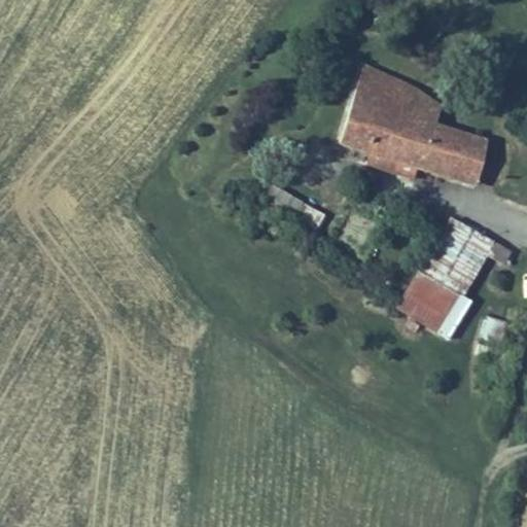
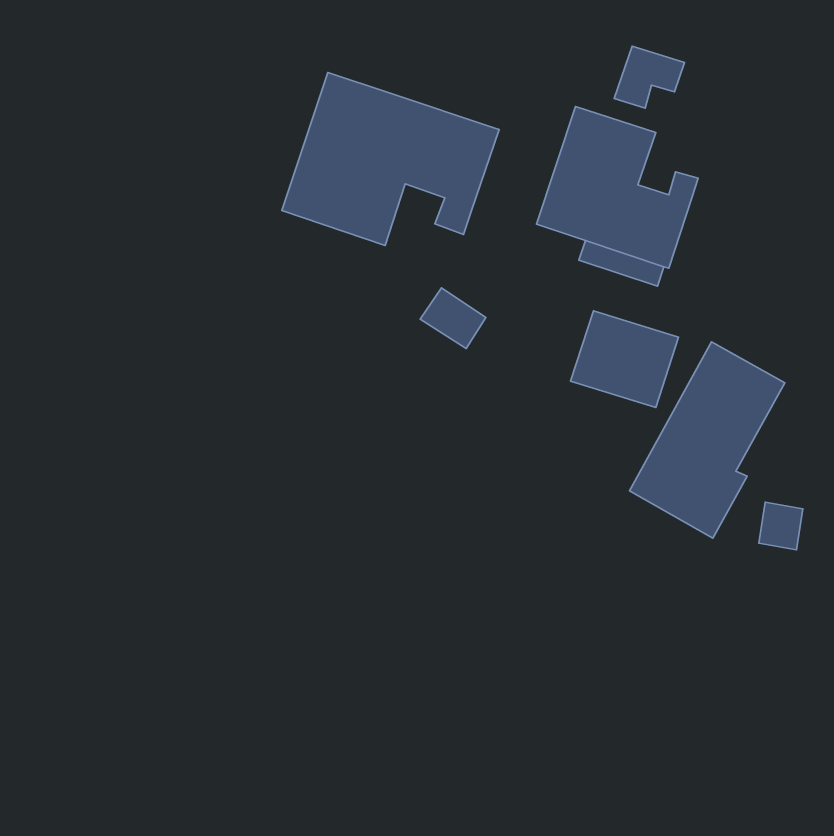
building: none -> [282,72,499,246]
building: [402,83,447,122] -> [614,46,684,108]
building: [422,125,490,185] -> [571,311,679,407]

